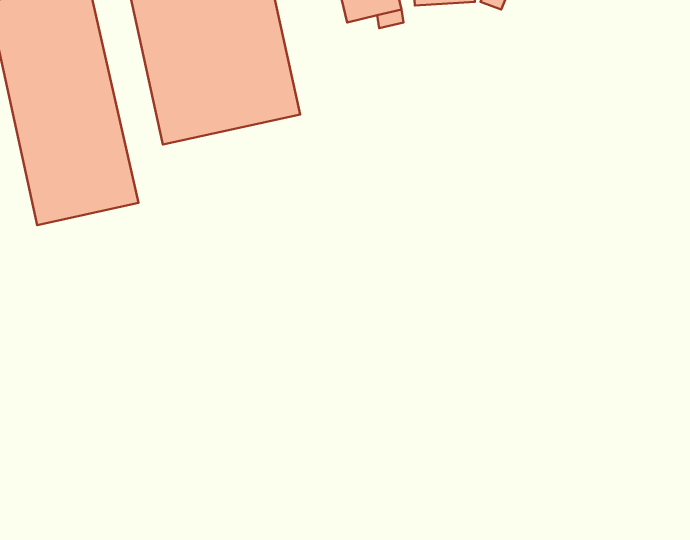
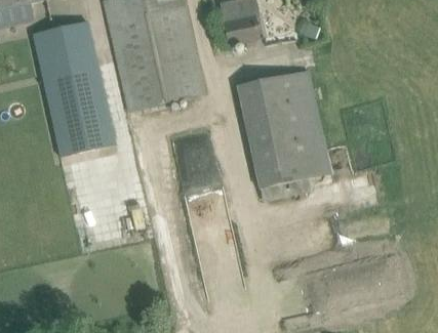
building: none -> [238,71,329,189]

